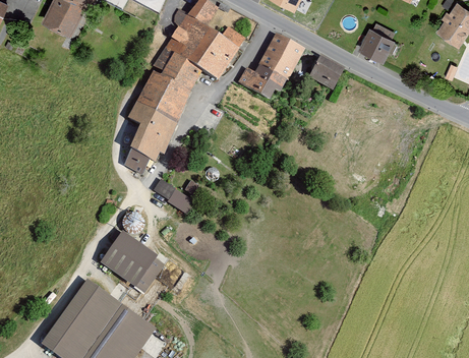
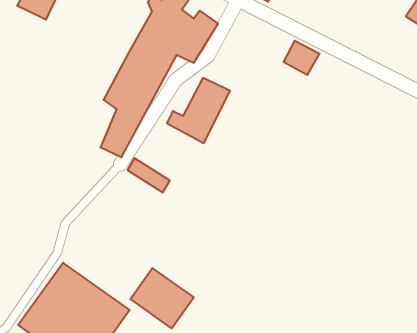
building: [356,22,395,65] -> none
building: [239,36,303,102] -> [167,78,230,143]
building: [101,232,165,293] -> [130,268,194,328]

